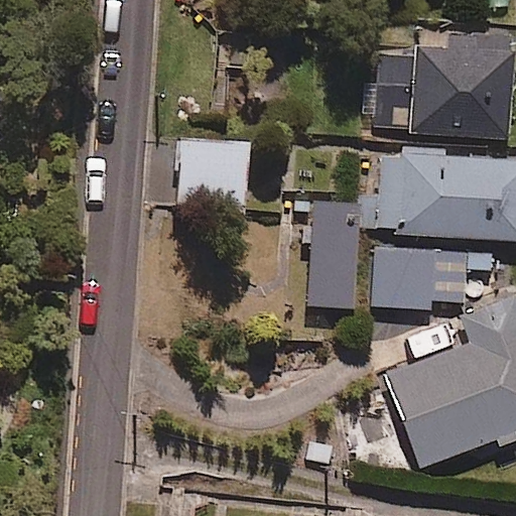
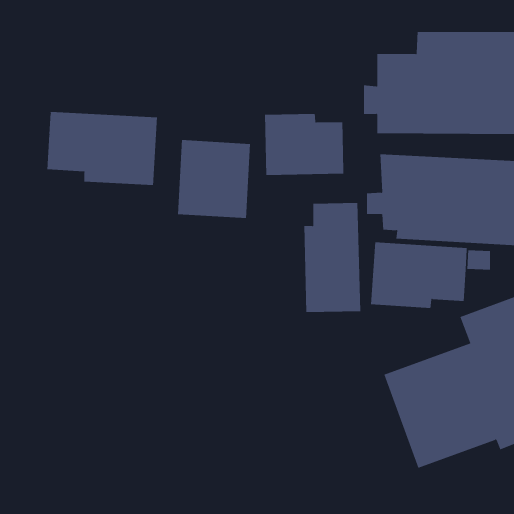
building: none -> [47,111,157,186]
building: none -> [265,113,344,176]

